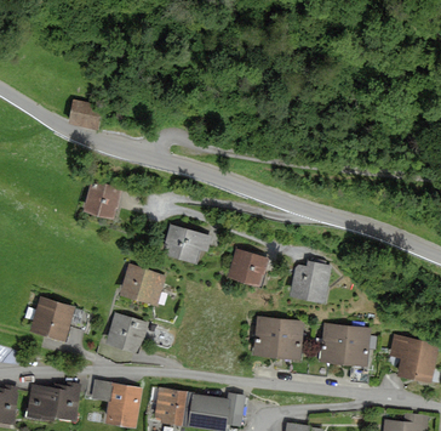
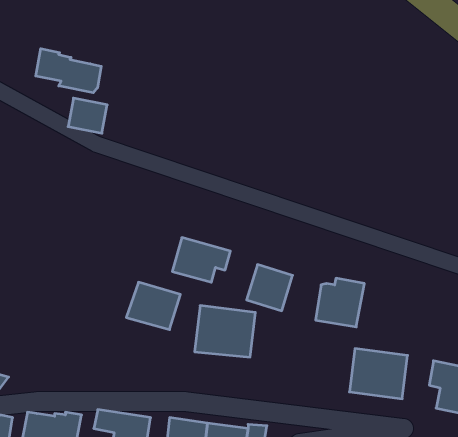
building: none -> [36,49,101,93]
building: [84,181,121,221] -> none
building: [30,294,92,338] -> none
building: [105,311,149,352] -> none
building: [252,316,307,362] -> [195,306,255,357]

